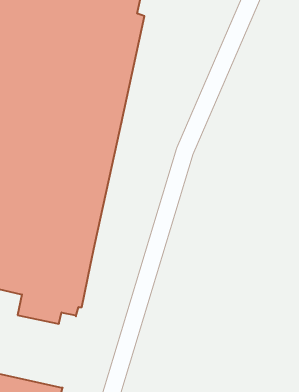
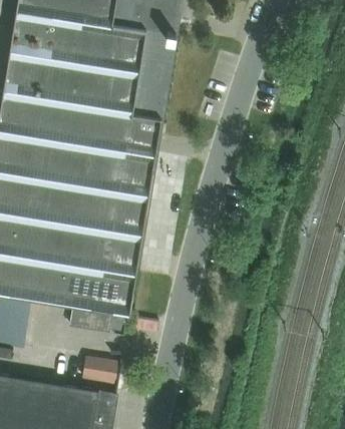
building: none -> [81,358,119,388]

